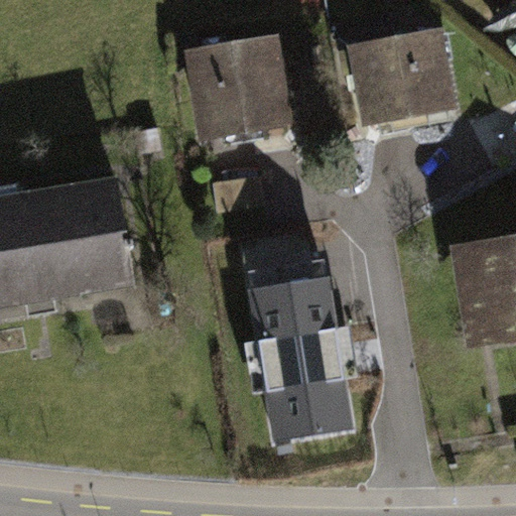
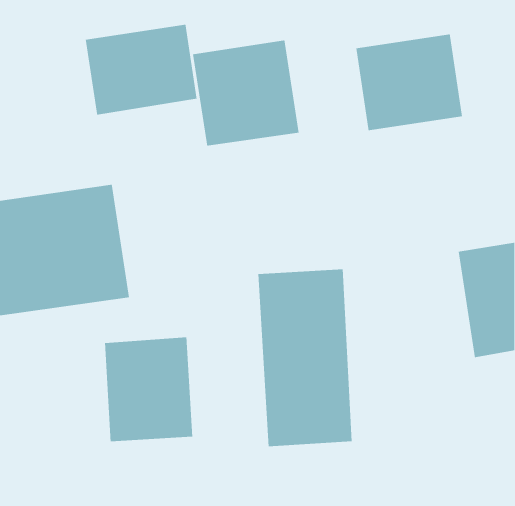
building: none -> [85,24,197,115]
building: none -> [104,337,193,442]

